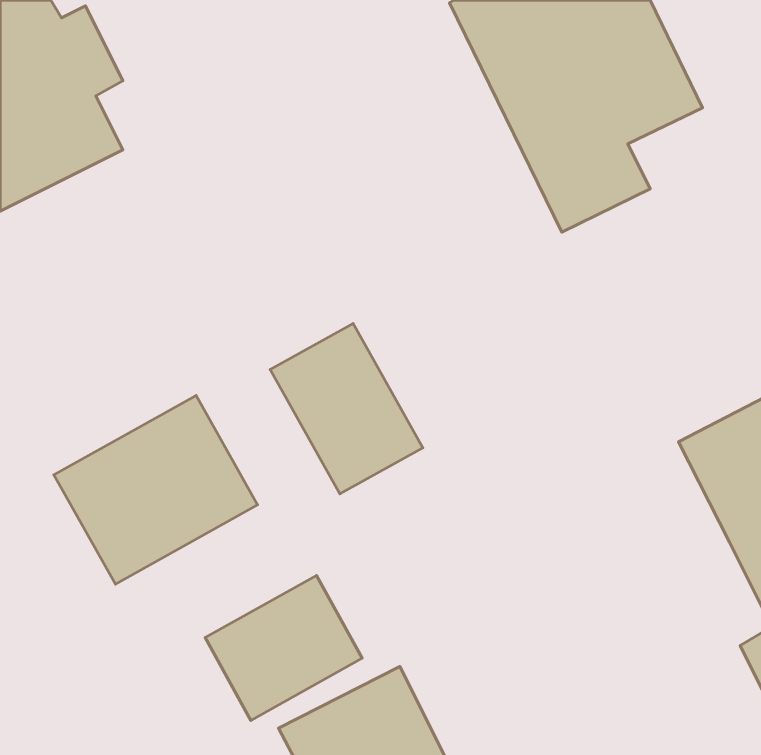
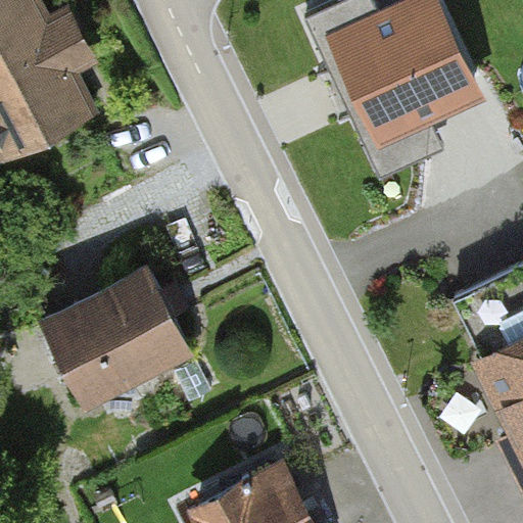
building: [270,323,423,494] -> none
building: [205,575,362,720] -> none

